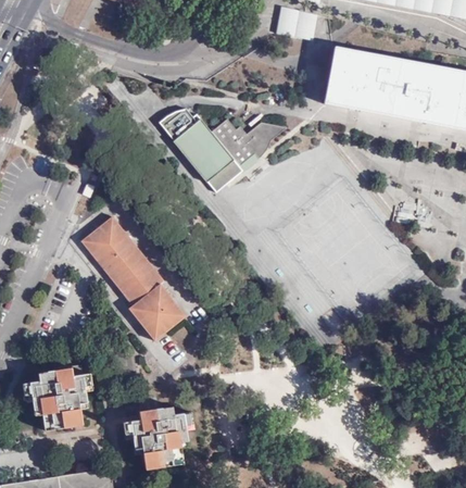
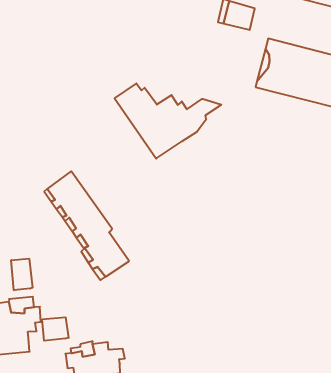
building: none -> [11,259,33,290]
building: none -> [42,317,69,341]

